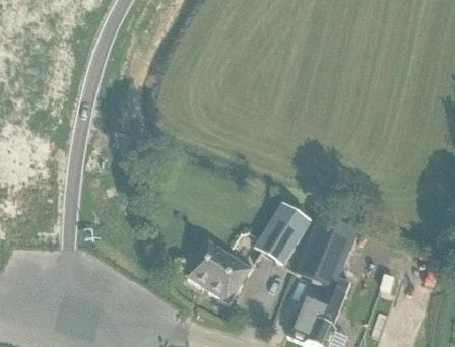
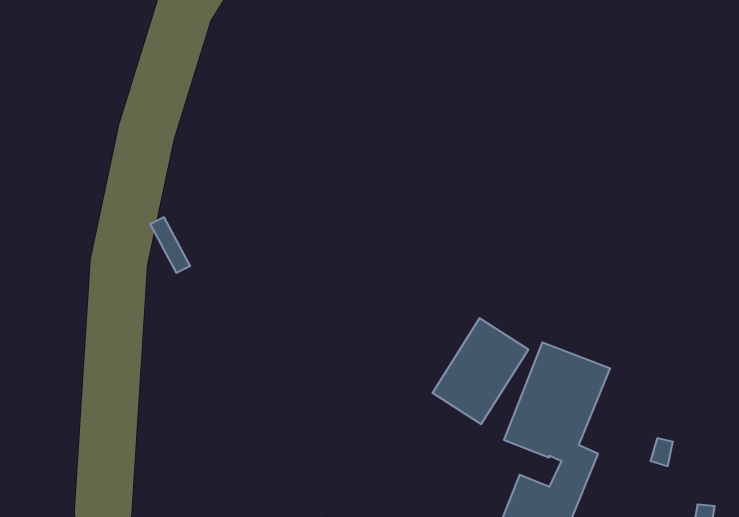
building: [187,239,252,302] -> none

